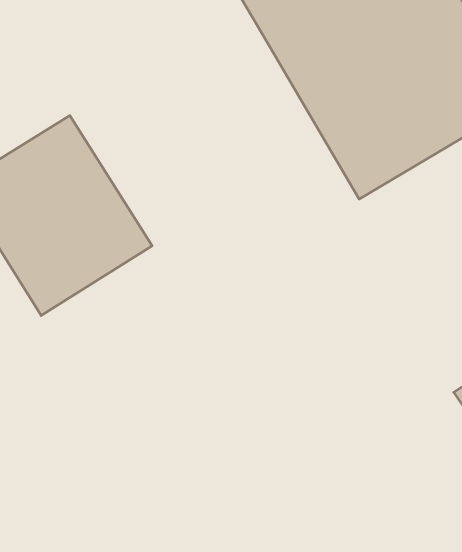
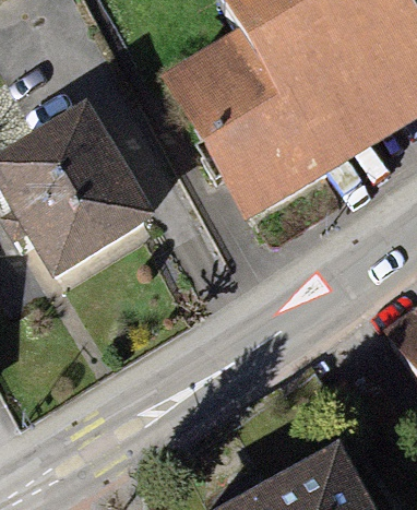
building: none -> [167,54,314,226]

